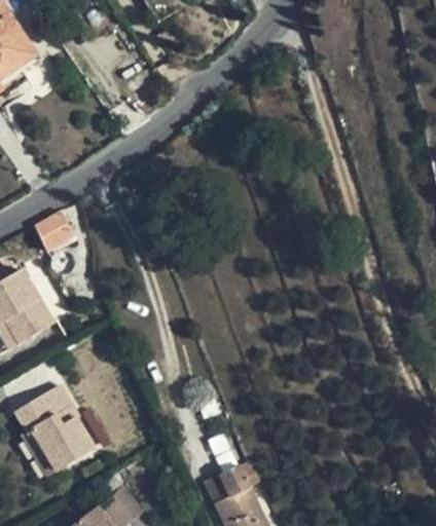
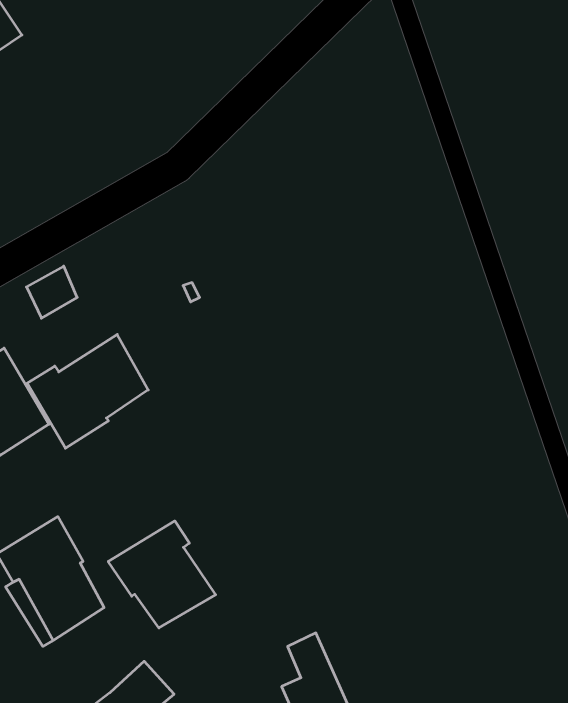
building: none -> [27,334,148,448]
building: none -> [108,521,216,628]

